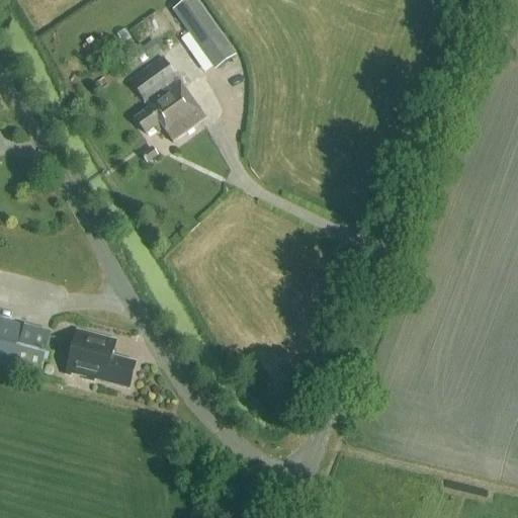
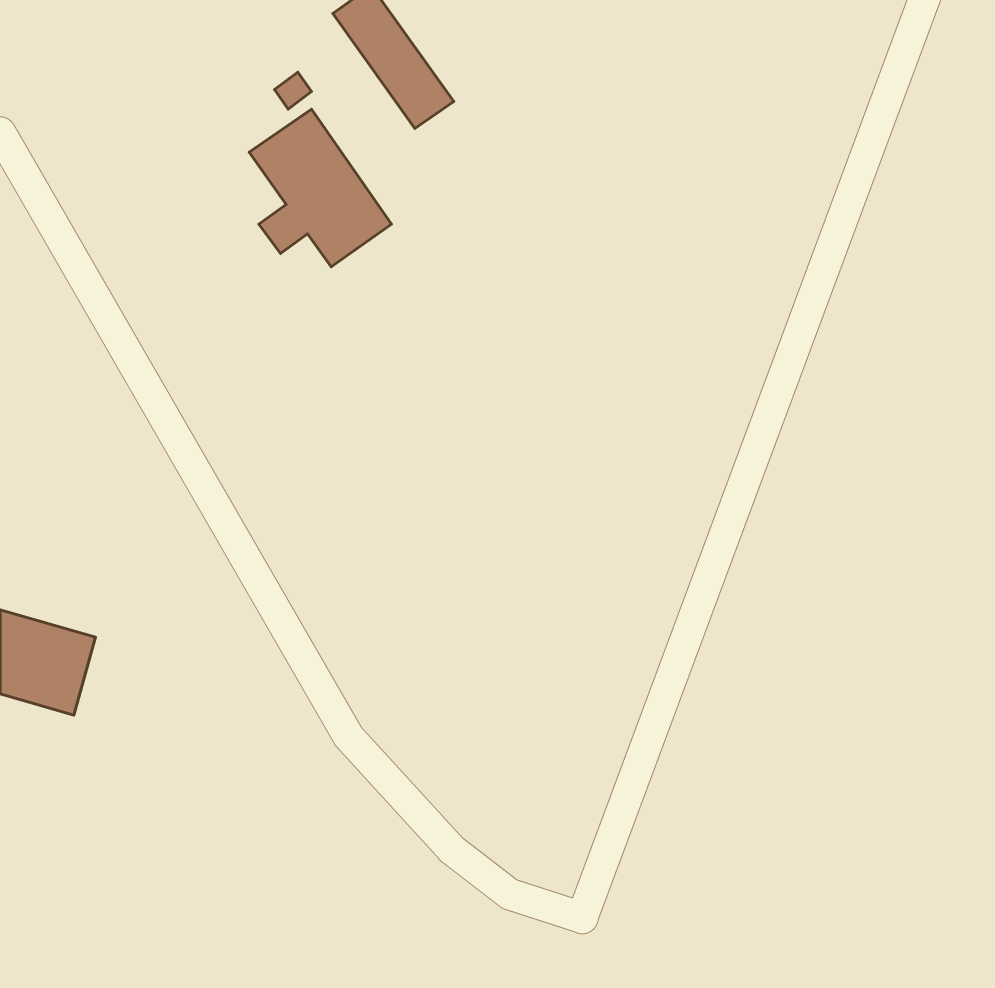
building: [65,327,136,386] -> none

